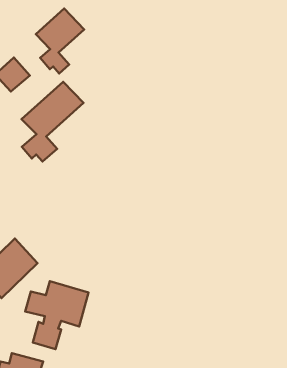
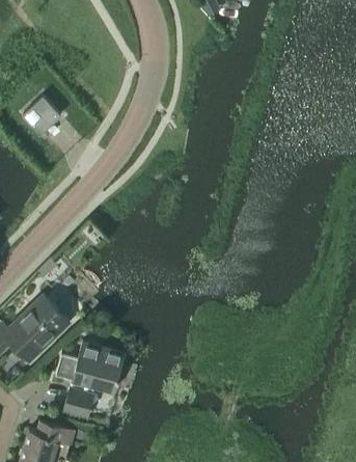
building: [36,8,84,73] -> none
building: [22,82,83,162] -> none

